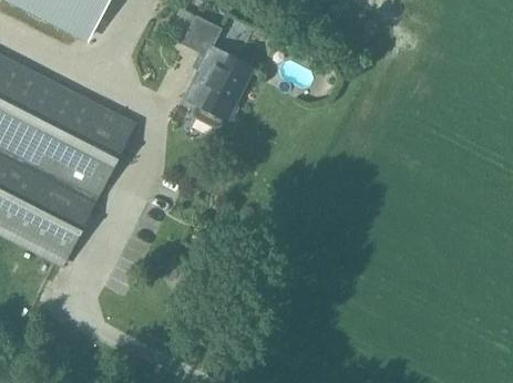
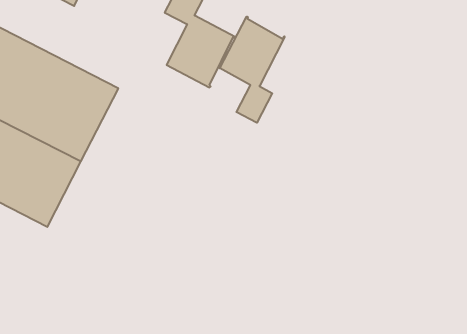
building: none -> [220,17,285,123]

